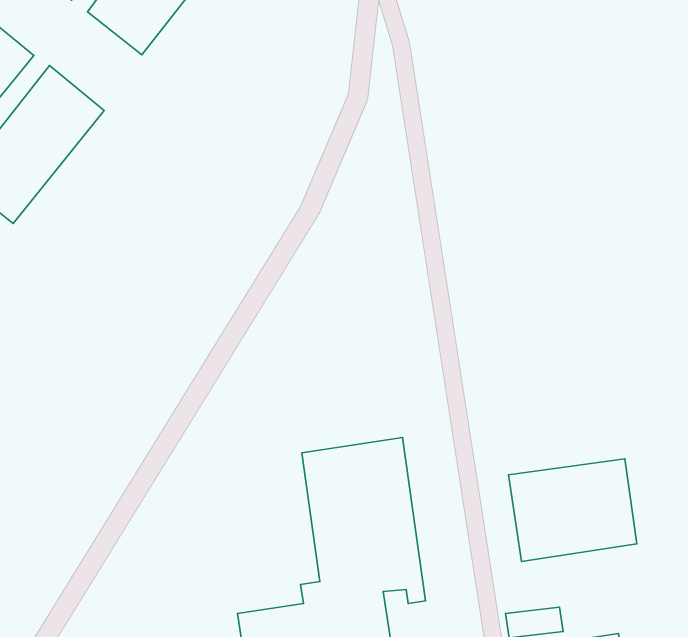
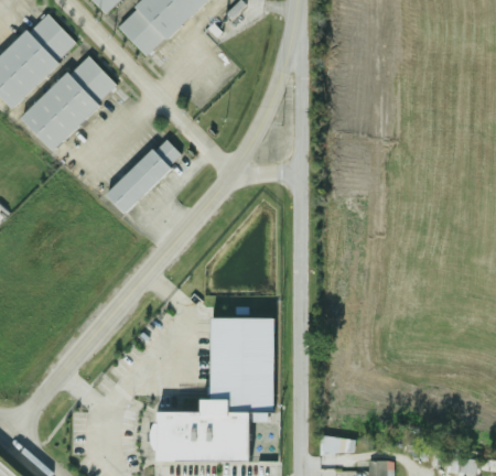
building: none -> [107,137,183,212]
building: [508,459,637,561] -> none

